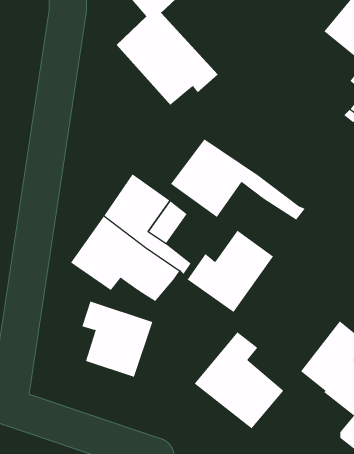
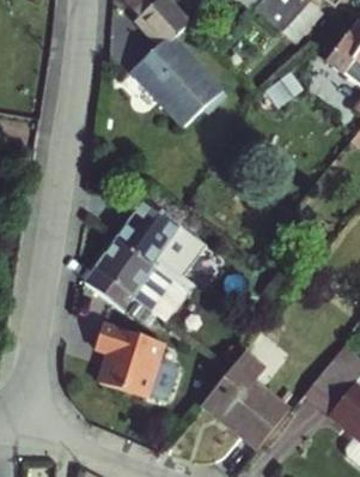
building: [170,139,305,221] -> none
building: [187,230,274,313] -> none

